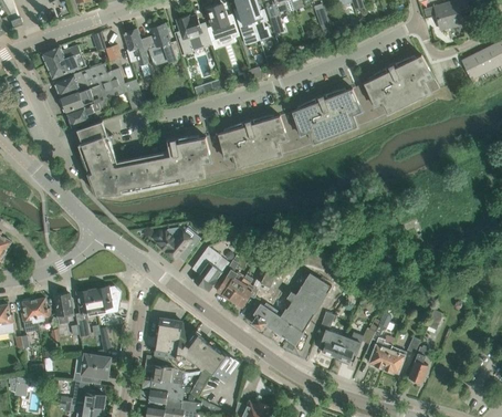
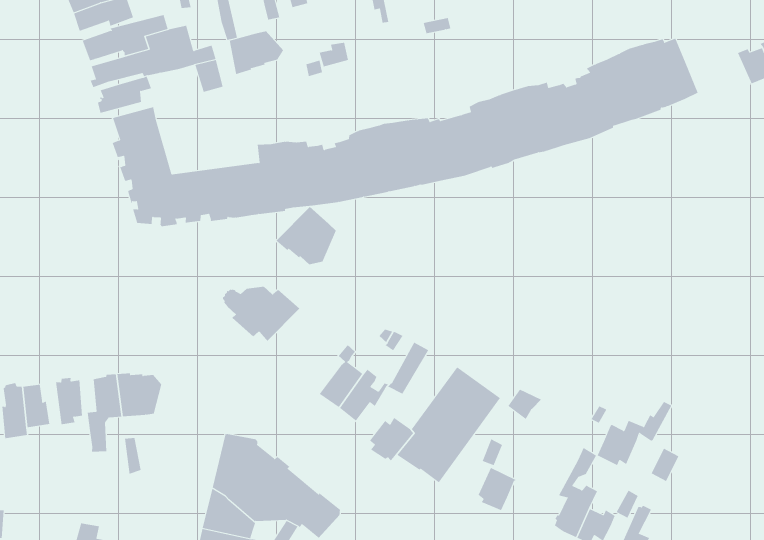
building: none -> [229,30,284,75]
building: none -> [275,206,336,265]
building: [191,247,229,291] -> none
building: [335,319,379,361] -> [597,401,672,466]
building: [81,353,111,383] -> none

